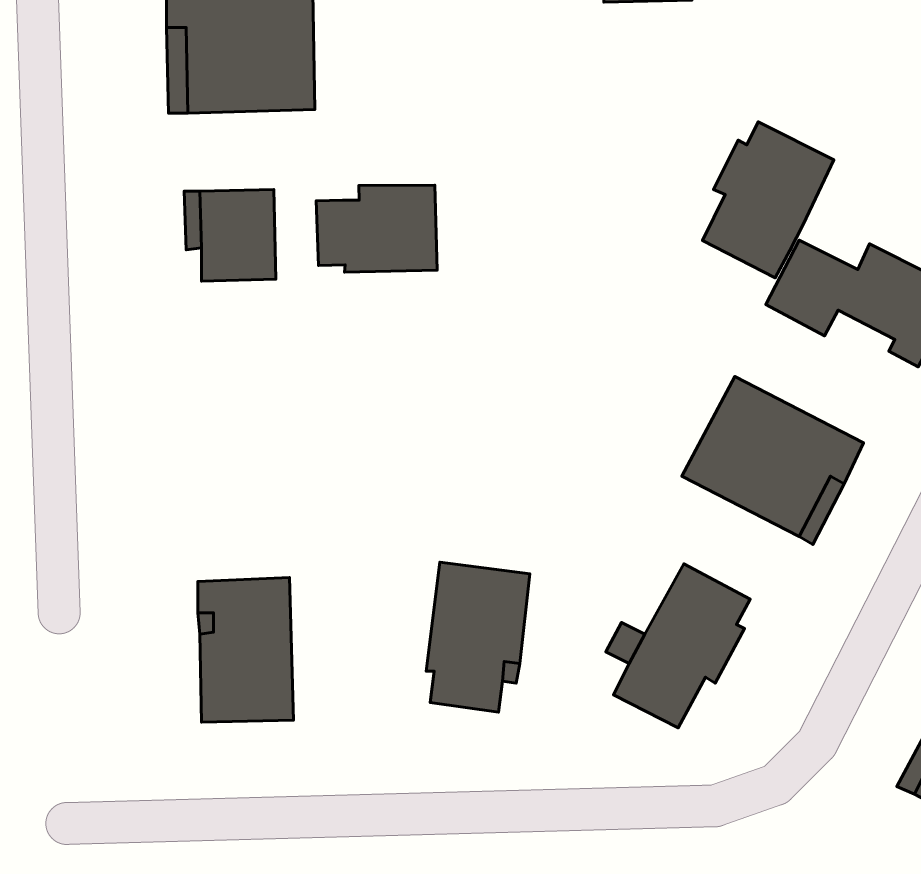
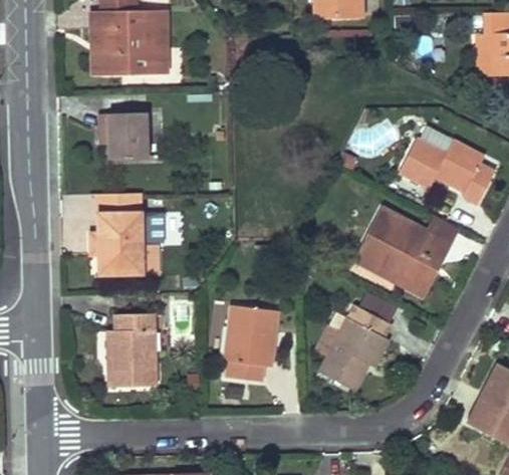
building: [703,122,834,278] -> none
building: [316,185,437,272] -> none
building: none -> [89,193,162,274]

